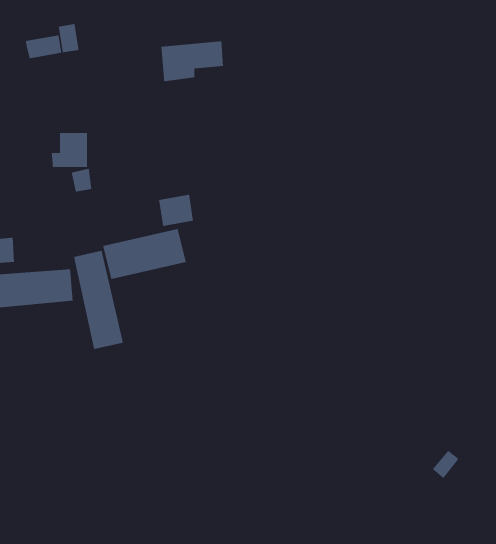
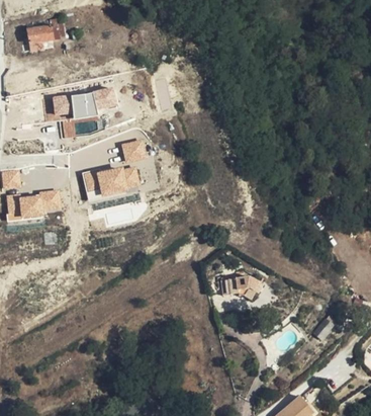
building: [161,41,224,82] -> [71,89,115,118]
building: [73,250,124,350] -> none
building: none -> [221,277,263,300]

